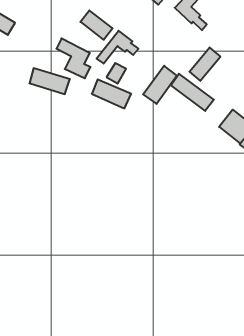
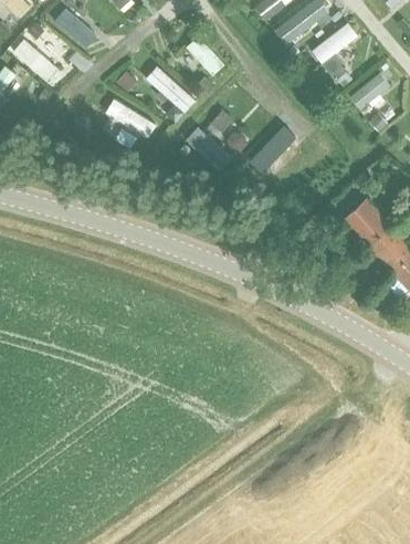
building: [97,31,138,64] -> none
building: [189,47,220,81] -> [349,69,393,111]
building: [171,74,214,111] -> none

